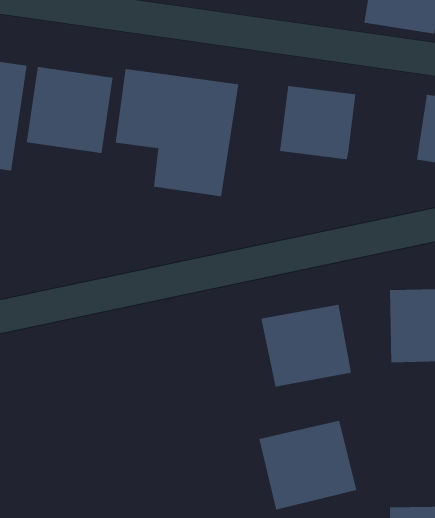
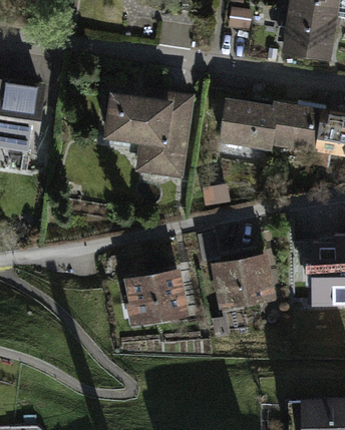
building: [26,66,113,154] -> none
building: none -> [271,100,318,149]
building: [258,420,357,510] -> [118,265,188,328]

